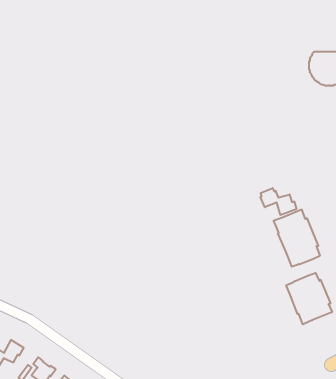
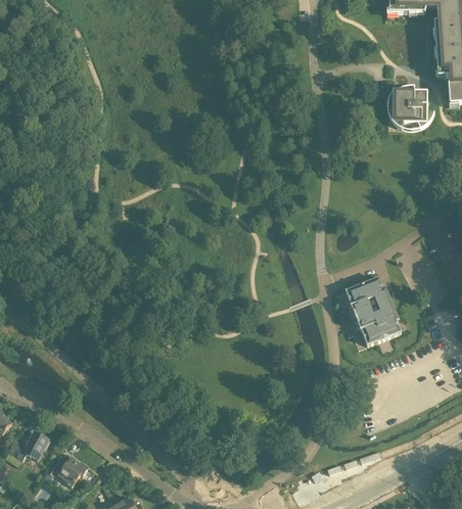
building: [260,188,296,215] -> none
building: [286,273,332,324] -> none

